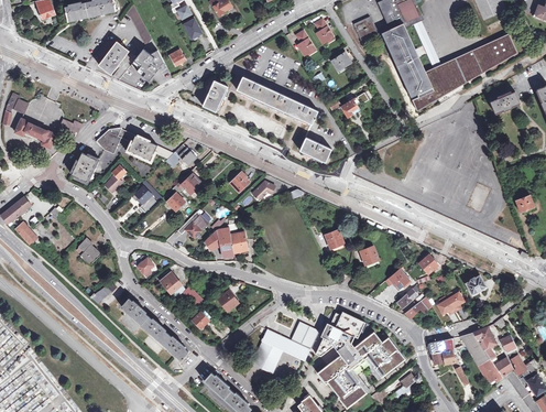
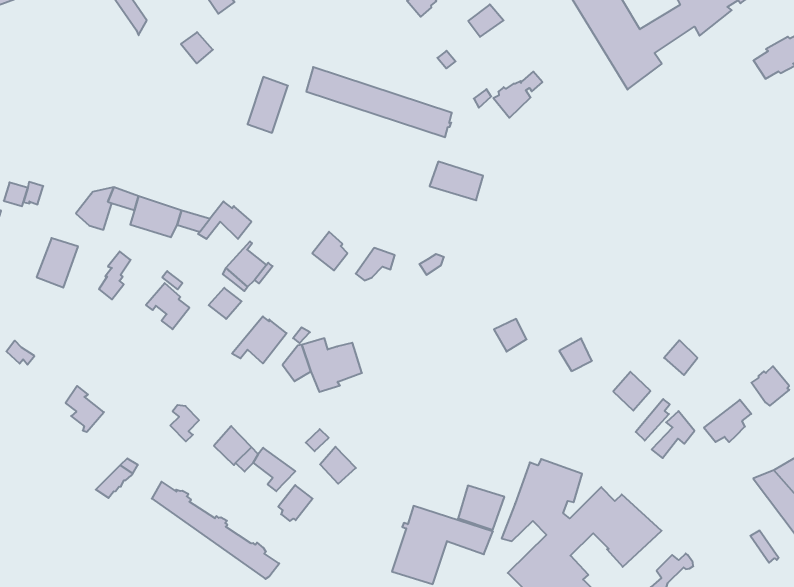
building: [99,41,129,74] -> none
building: [130,47,165,79] -> none
building: [428,338,457,364] -> none

